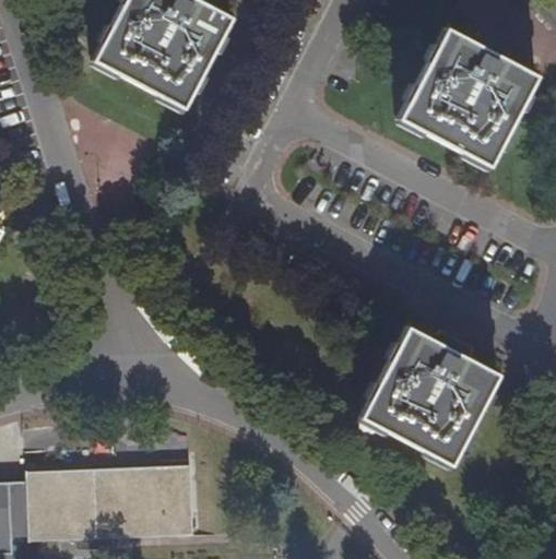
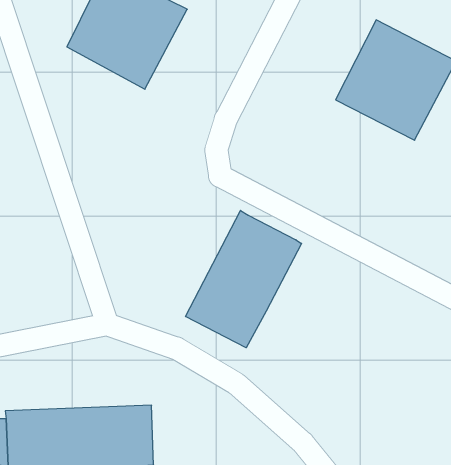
building: none -> [186,210,302,348]
building: [362,326,498,464] -> none

